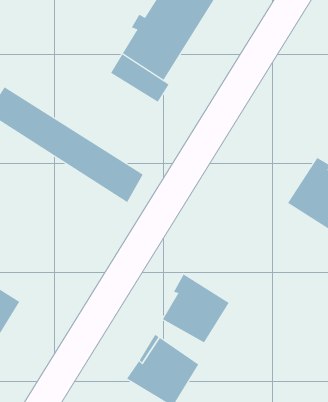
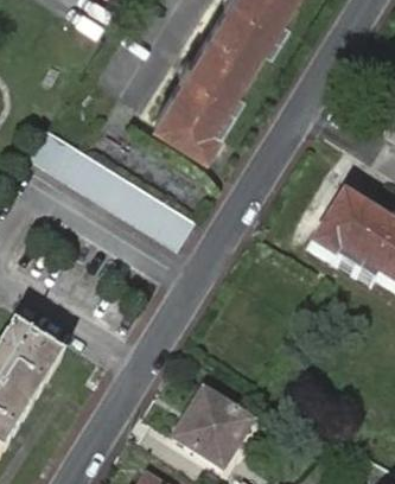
building: none -> [313,191,368,256]
building: [162,273,229,343] -> none

